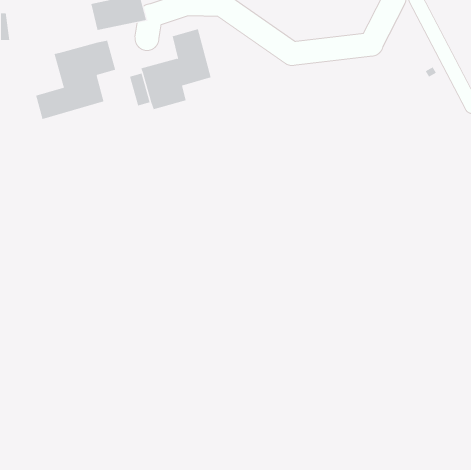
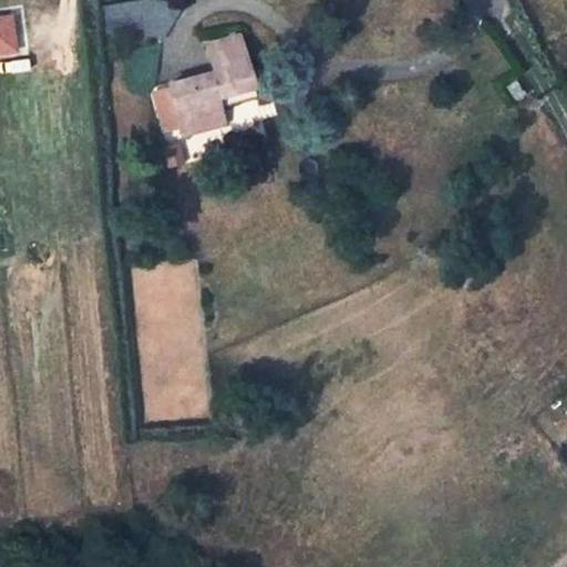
building: [35,40,116,120] -> none

